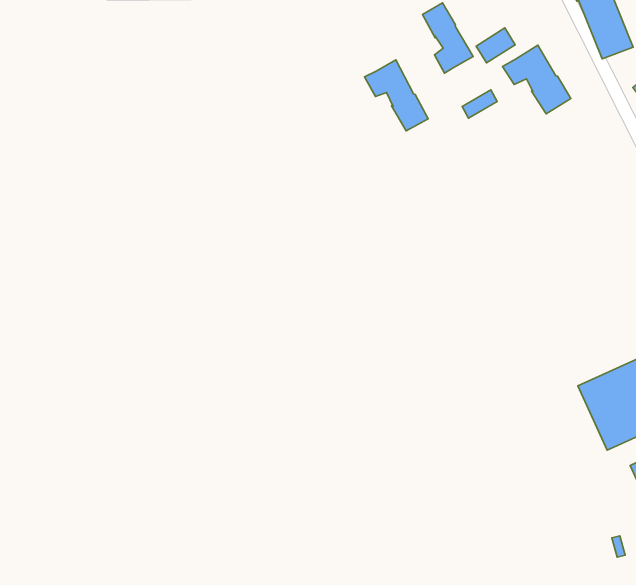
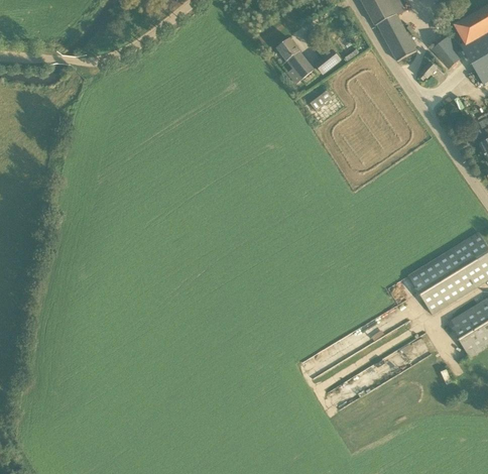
building: [503,45,571,114] -> none
building: [364,60,428,131] -> none

